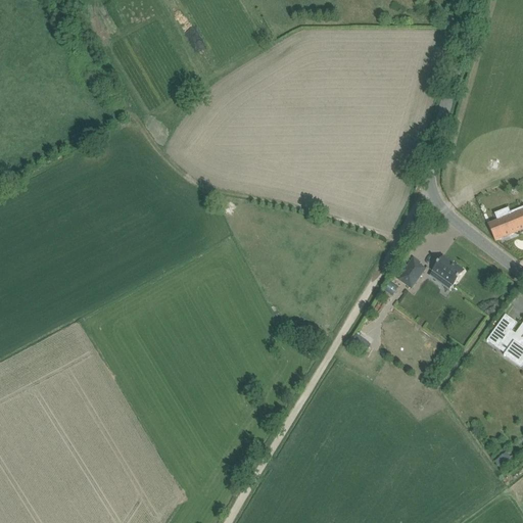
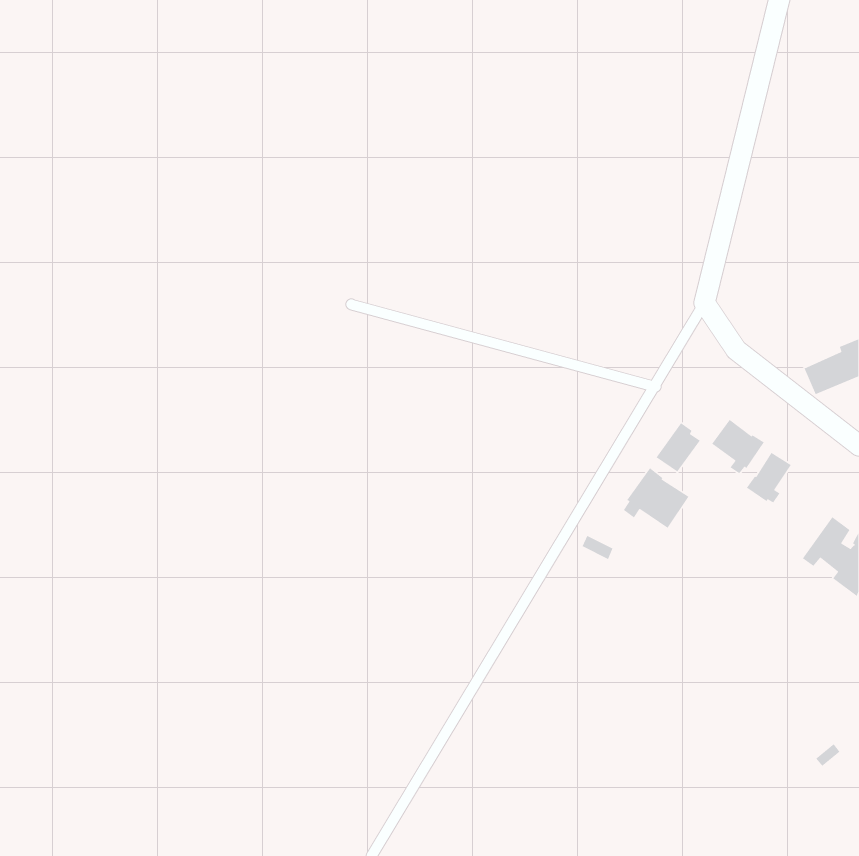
building: none -> [746,452,792,503]
building: none -> [623,467,689,529]

